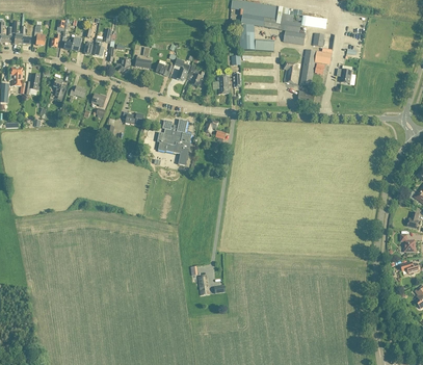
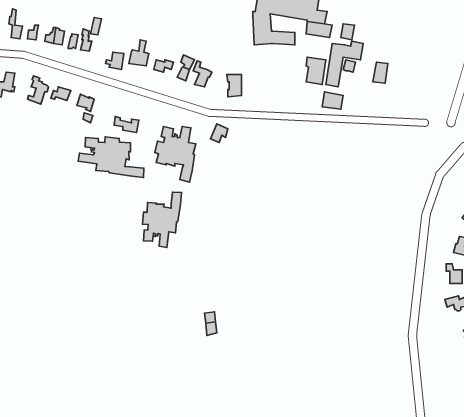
building: none -> [78,137,144,177]
building: none -> [142,192,182,247]

